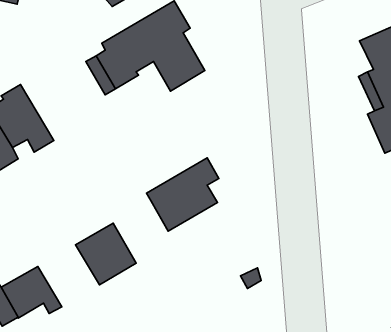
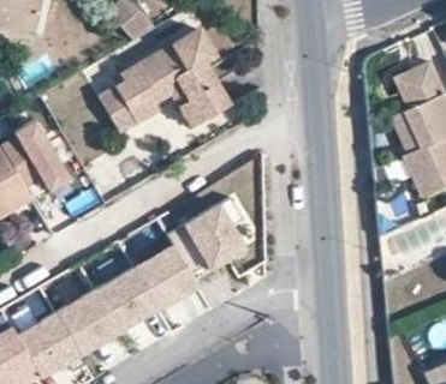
building: none -> [133,244,197,308]
building: none -> [54,289,119,354]

